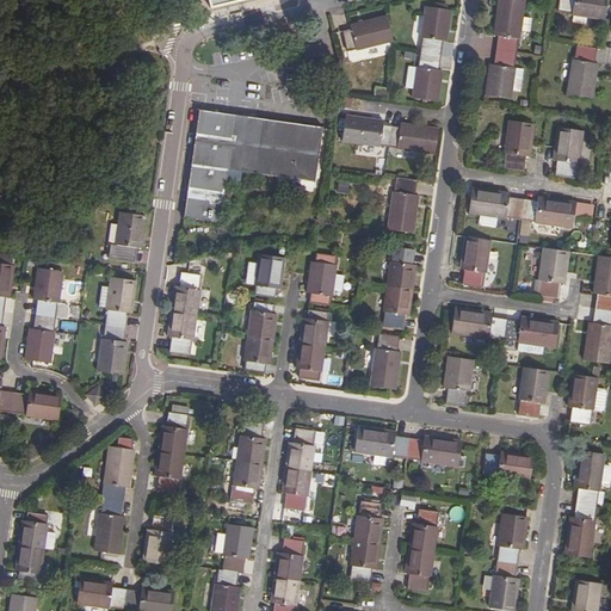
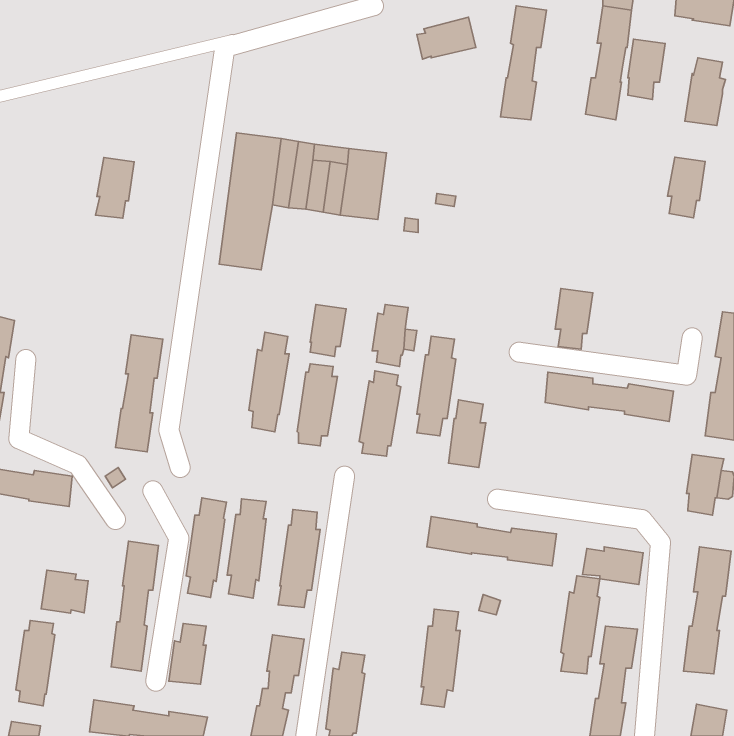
building: [345,113,439,153] -> none
building: [504,123,535,173] -> [628,39,665,100]
building: [389,175,420,230] -> none
building: [468,189,576,229] -> none
building: [112,212,144,263] -> [95,158,134,218]
building: [384,245,416,327] -> [417,336,456,436]
building: [538,249,569,301] -> none
building: [24,269,61,362] -> none
building: [169,269,203,351] -> [249,332,289,432]
building: [443,358,473,406] -> none
building: [518,369,549,419] -> none
building: [282,428,314,511] -> [227,499,266,598]
building: none -> [41,570,88,613]
building: [405,512,437,593] -> [561,576,600,674]

